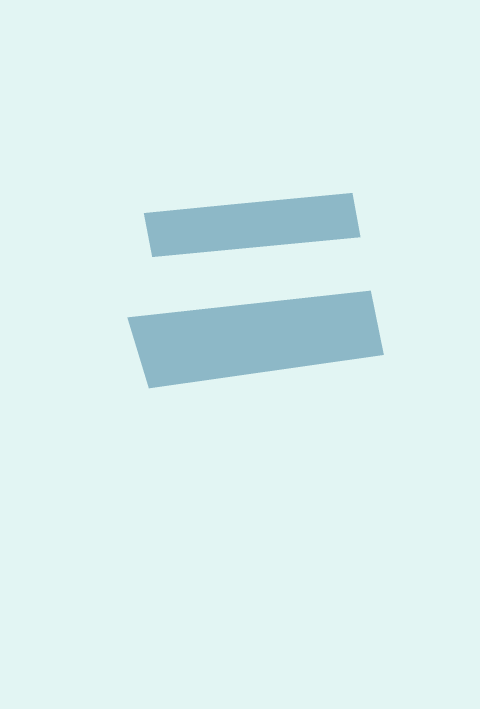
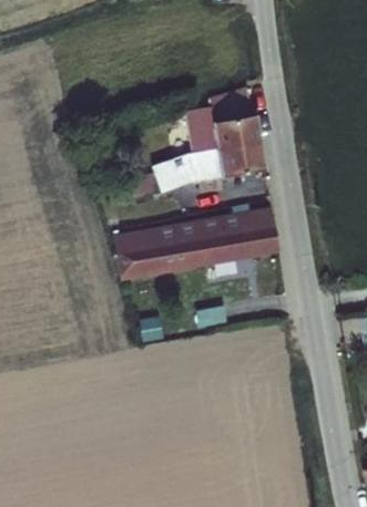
building: none -> [180,97,264,154]

